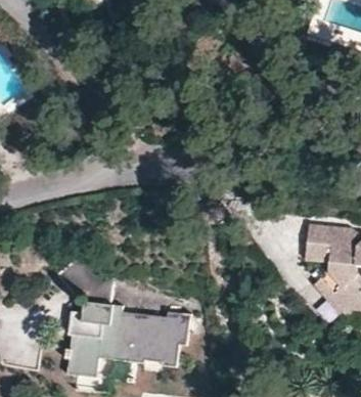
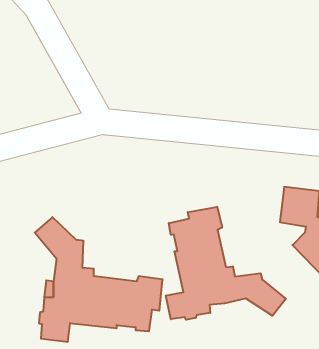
building: none -> [166,207,286,320]

